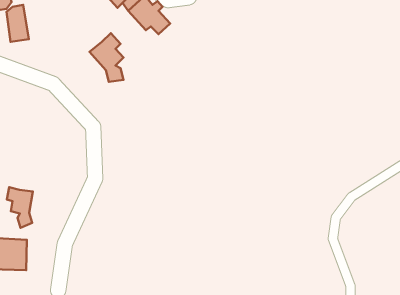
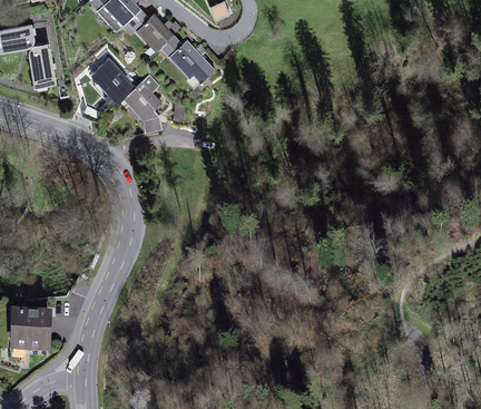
building: none -> [91,59,137,107]
building: [7,187,33,228] -> none

